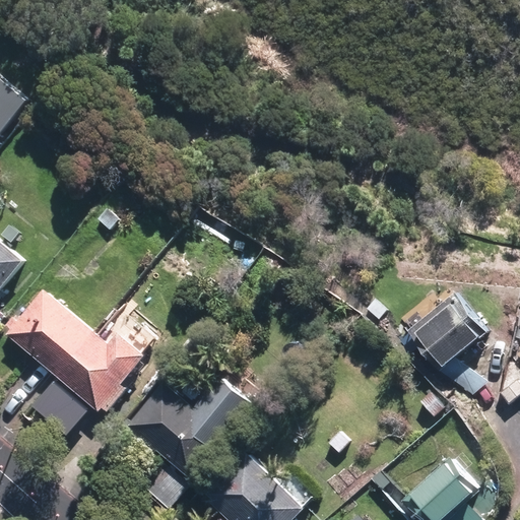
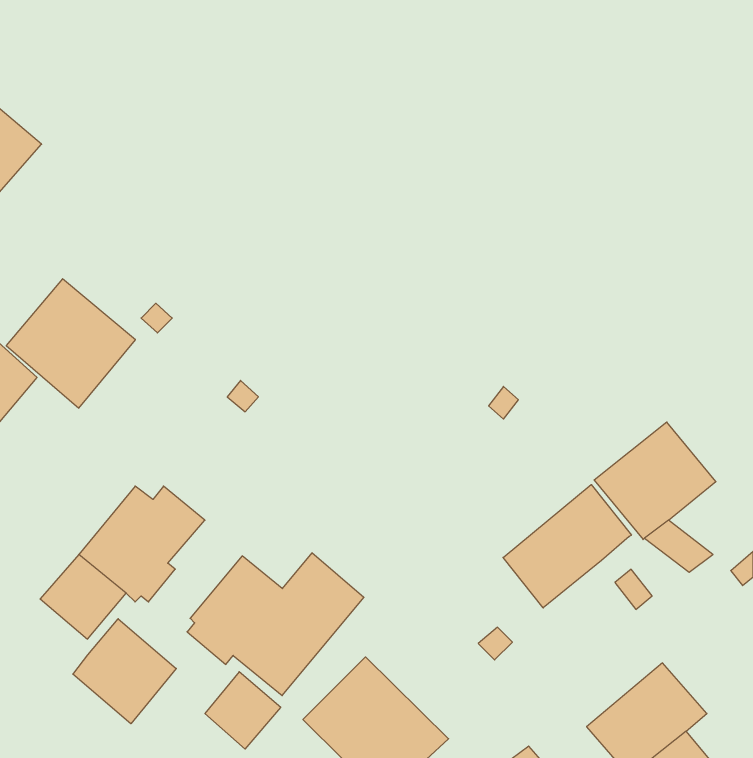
building: [4,291,92,380] -> [6,279,135,408]
building: none -> [503,485,631,608]
building: none -> [73,619,176,724]

